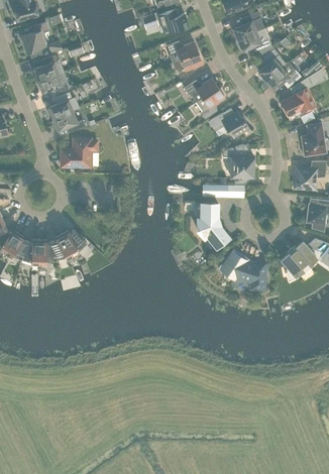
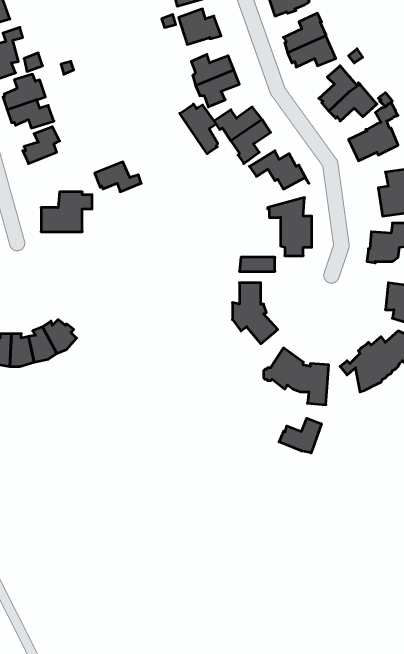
building: none -> [180,104,218,154]
building: [51,110,85,131] -> [95,162,141,192]
building: none -> [279,418,321,453]

